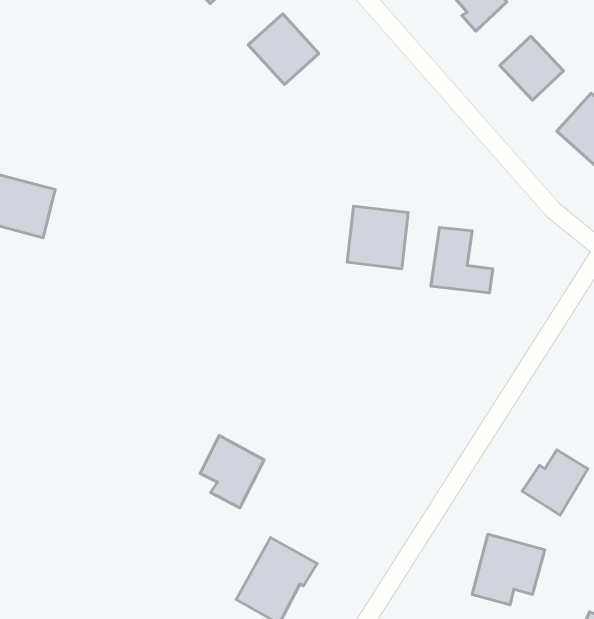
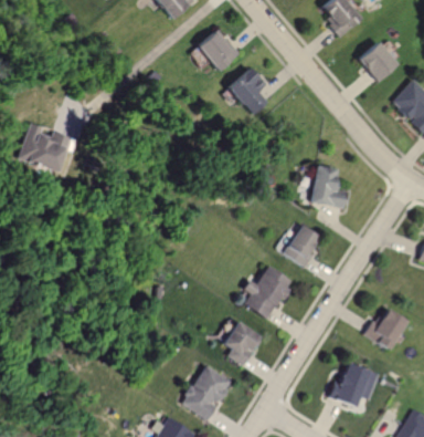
building: none -> [225,71,269,117]
building: [347,206,408,269] -> none
building: none -> [288,225,320,266]
building: none -> [247,264,298,320]
building: [200,436,264,508] -> [224,320,265,366]

